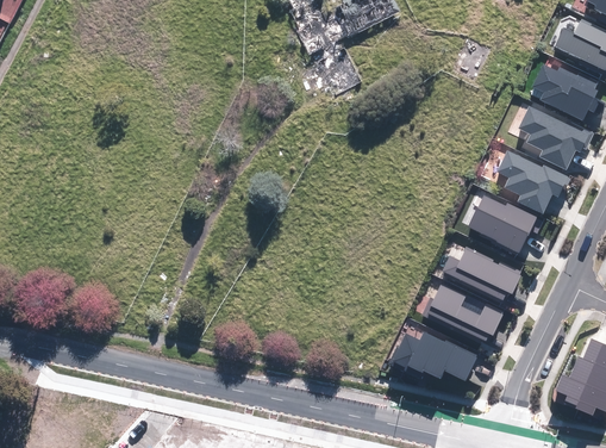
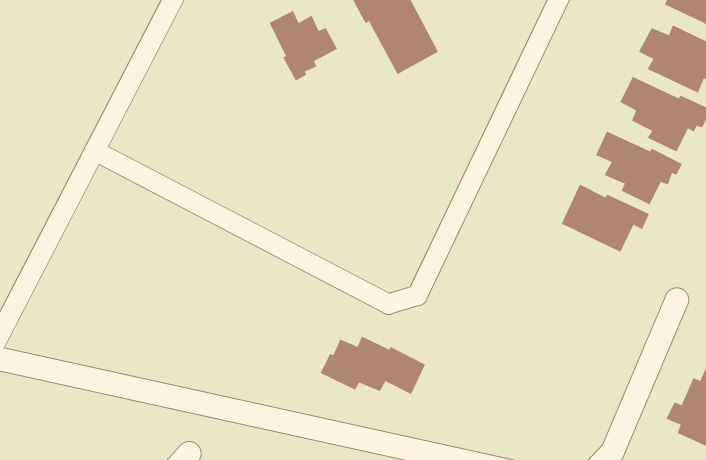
building: none -> [269,10,338,81]
building: [442,241,523,299] -> none
building: [421,284,502,343] -> none
building: [388,332,476,381] -> [320,336,426,395]

